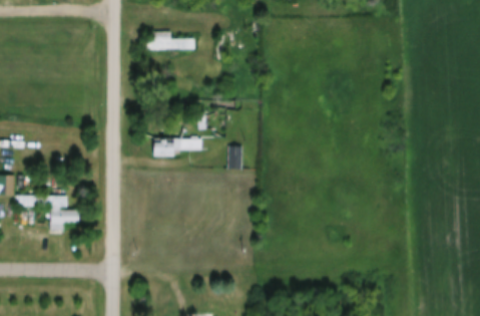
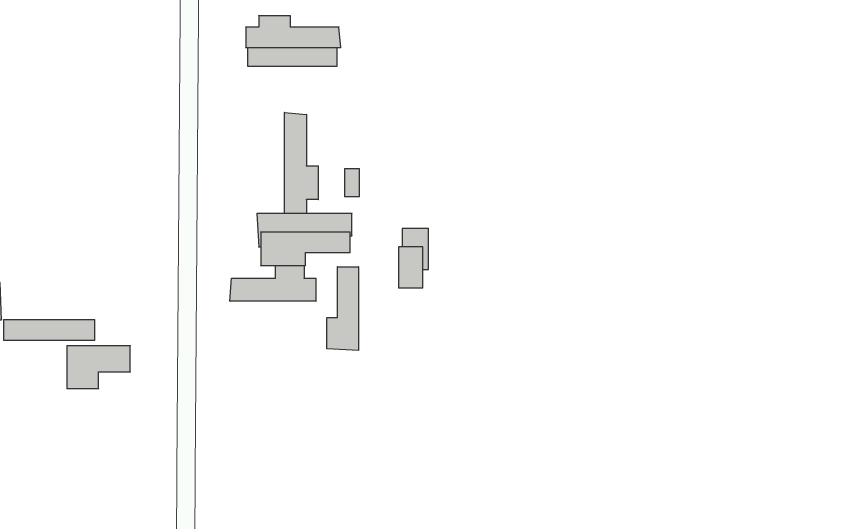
building: none -> [285,112,318,213]
building: none -> [230,266,316,301]
building: none -> [327,267,358,350]

